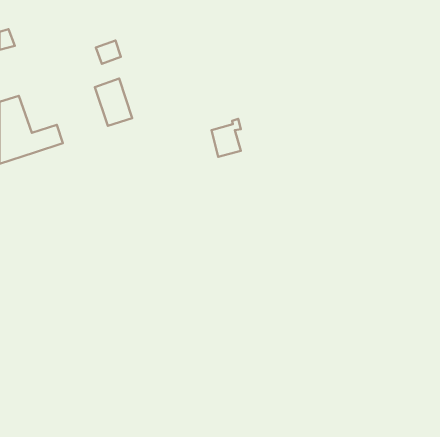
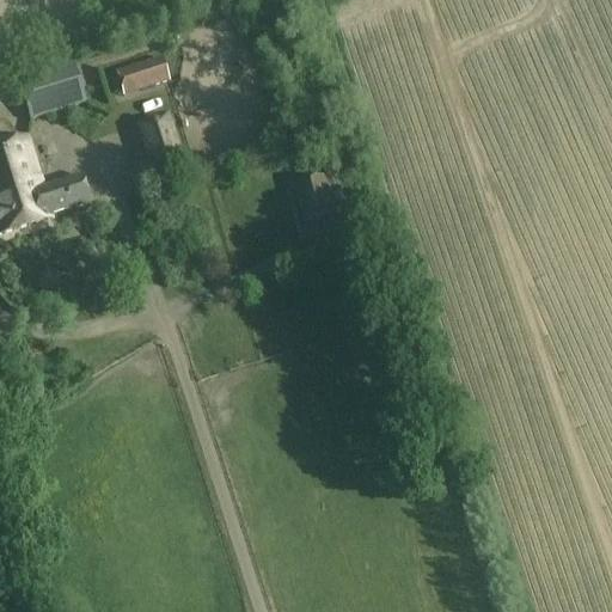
building: none -> [19,61,81,115]

